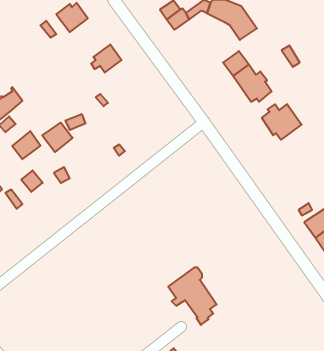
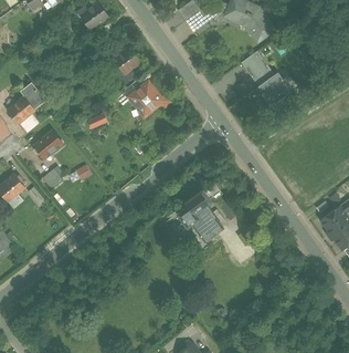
building: none -> [129,82,163,115]
building: [262,104,302,140] -> none
building: [42,123,73,152] -> none
building: [168,268,217,325] -> [176,191,223,248]

